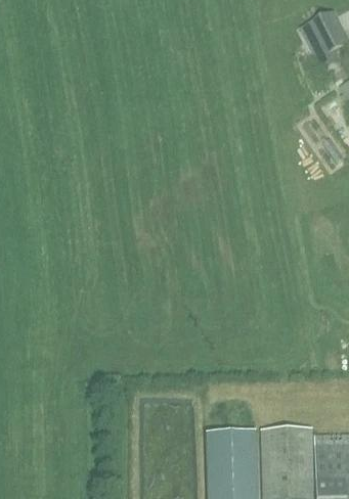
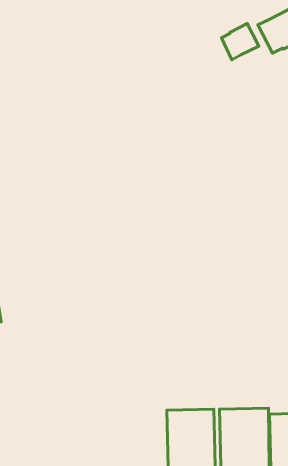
building: none -> [221,23,259,60]

